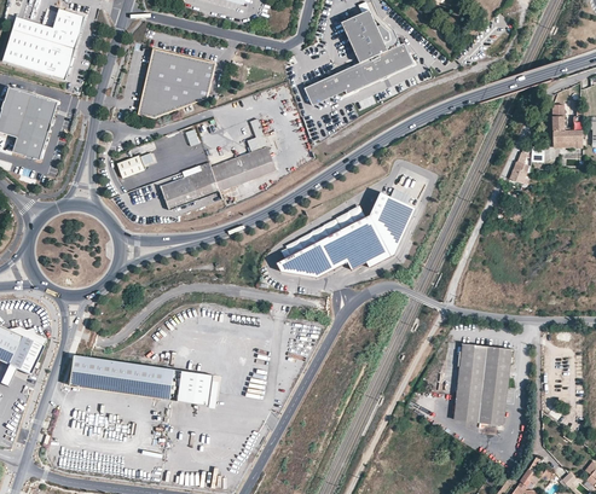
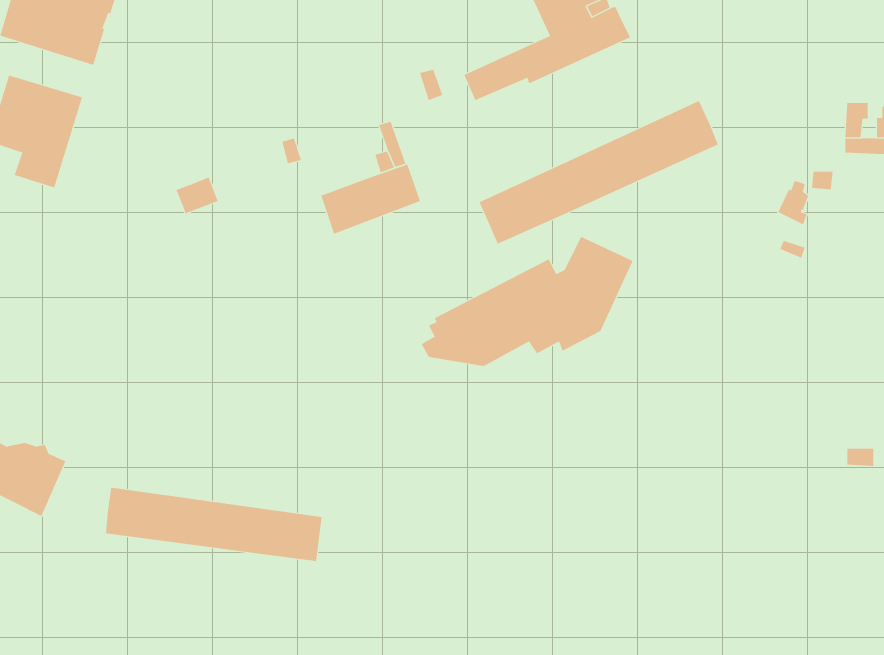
building: [137,47,215,117] -> none
building: none -> [479,100,719,244]
building: [160,161,219,209] -> none
building: [453,343,511,424] -> none

